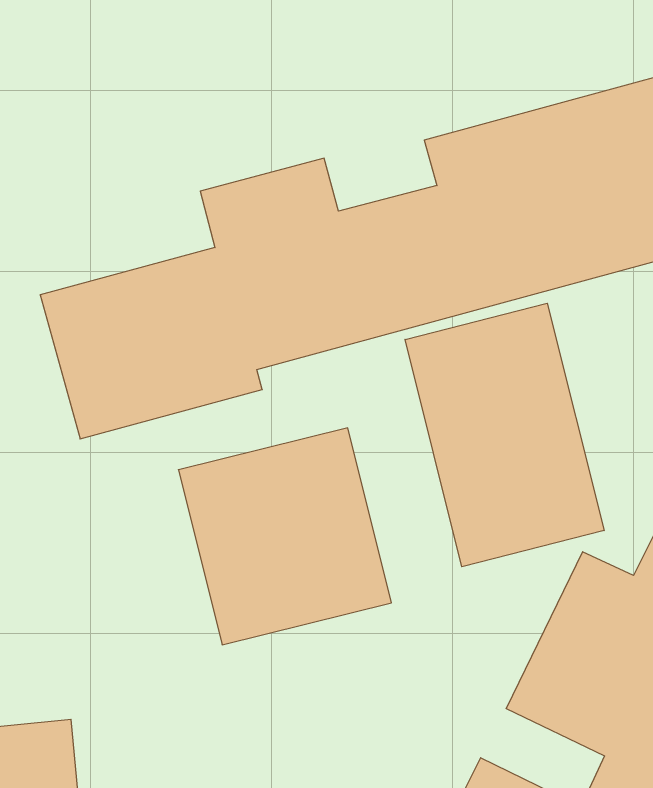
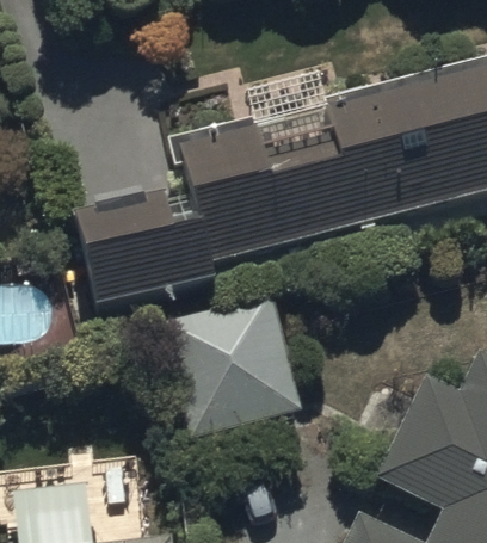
building: [405,303,604,567] -> none

